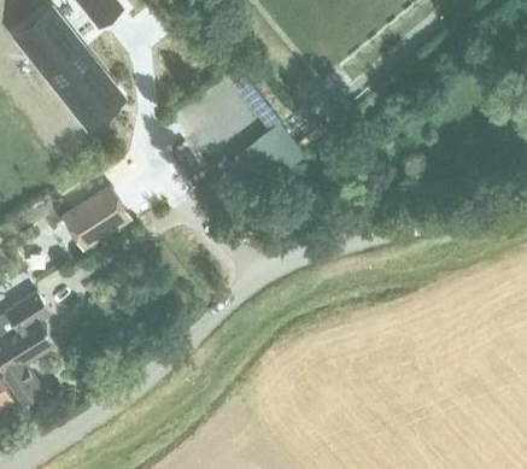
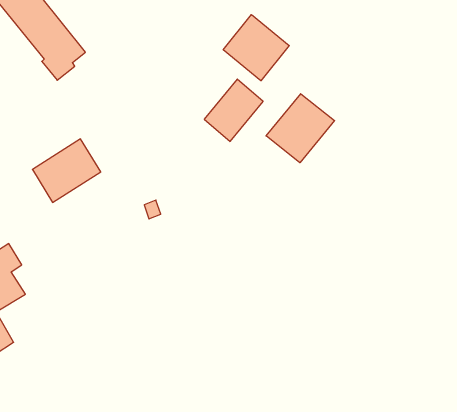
building: none -> [223,15,289,81]
building: none -> [266,94,335,163]

